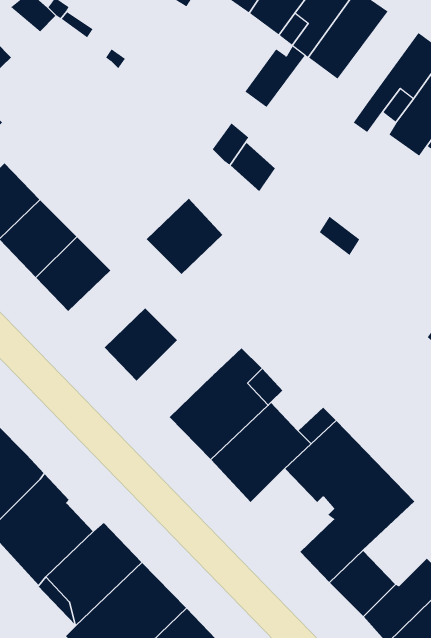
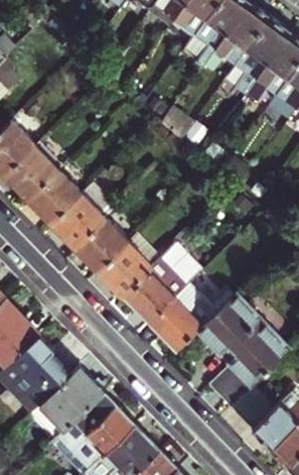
building: none -> [236,17,290,79]
building: [146,198,223,275] -> [52,194,105,246]
building: none -> [99,241,150,293]

